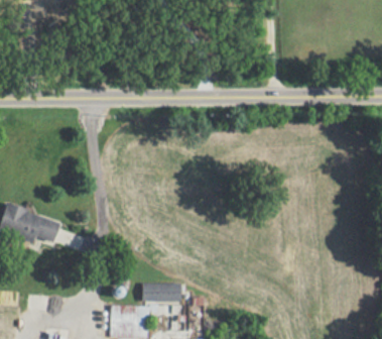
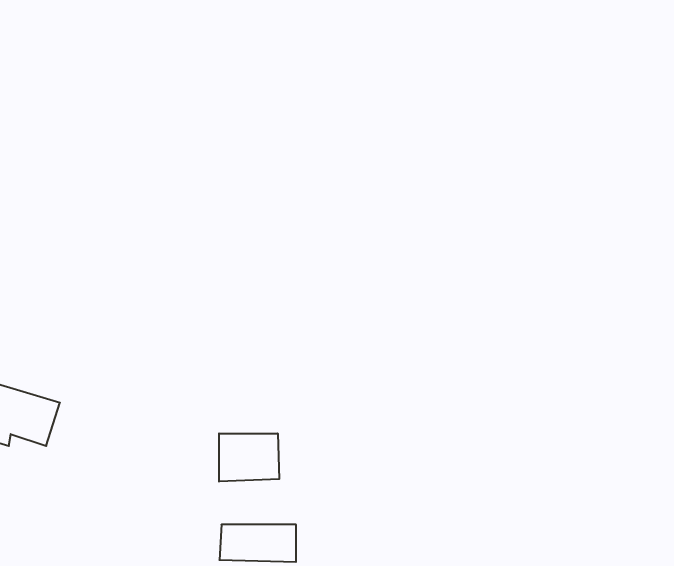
building: none -> [219,433,279,482]

